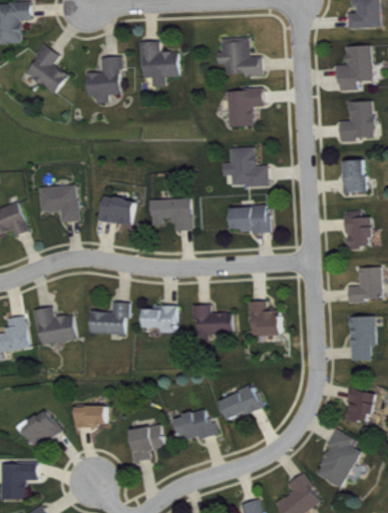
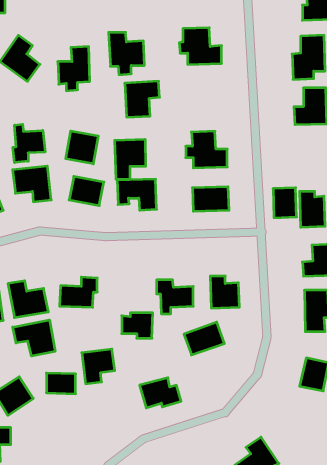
building: [226,88,263,126] -> [125,81,160,117]
building: none -> [13,124,45,163]
building: none -> [66,131,98,164]
building: none -> [115,139,146,179]
building: [340,159,365,191] -> [273,188,297,218]
building: [142,305,175,332] -> [122,313,153,338]
building: none -> [13,320,55,356]
building: [219,385,262,420] -> [184,322,224,355]
building: [128,425,163,462] -> [82,349,115,384]
building: [315,430,360,487] -> none

